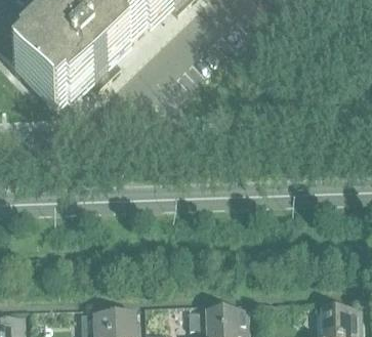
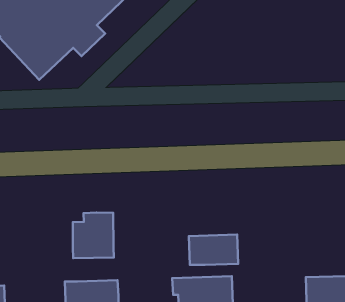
building: none -> [73,213,114,258]
building: none -> [189,234,238,265]

